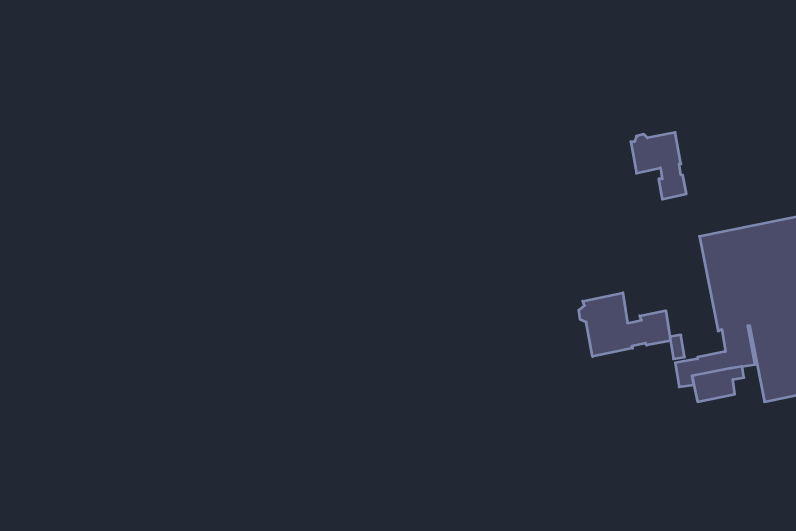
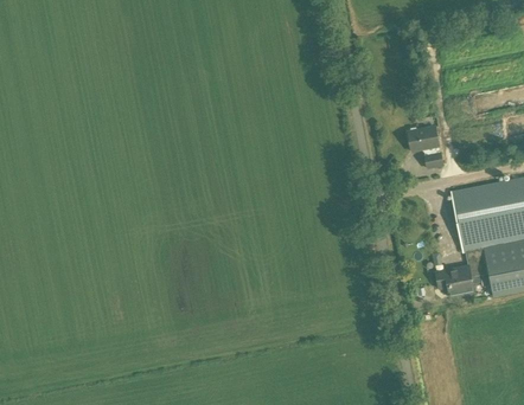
building: [579,293,670,357] -> none

